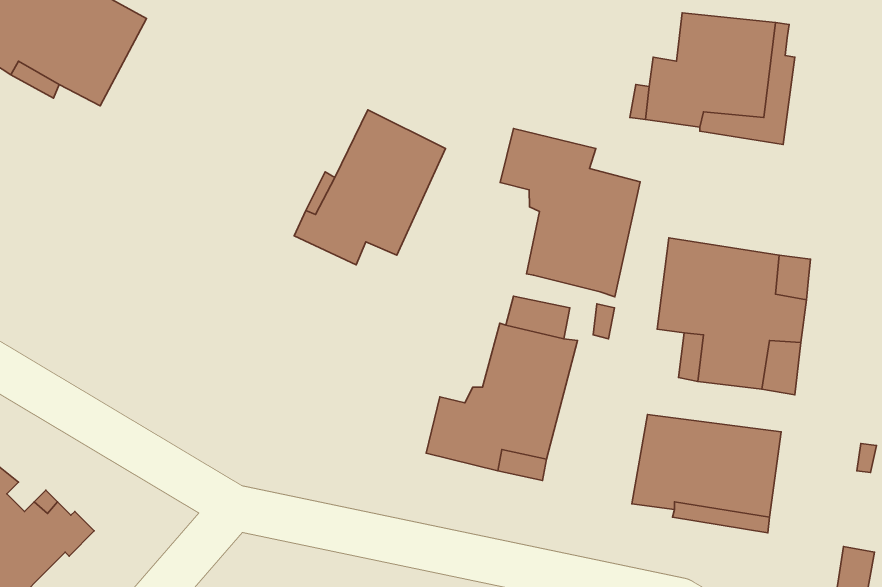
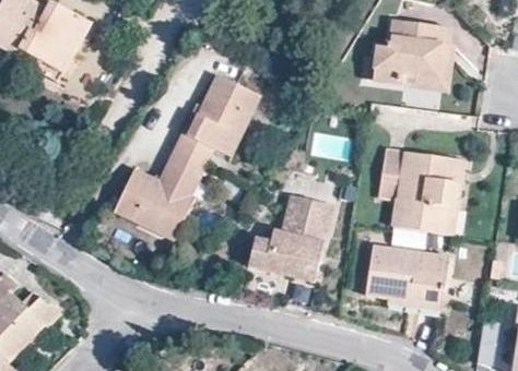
building: [500,129,640,297] -> none
building: none -> [114,145,209,240]

